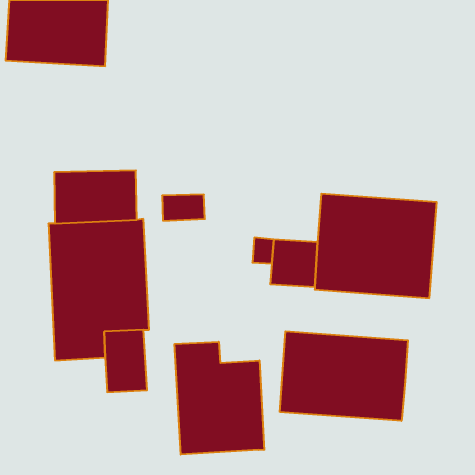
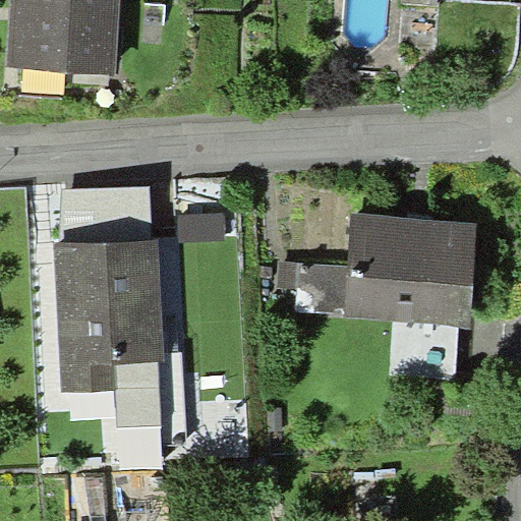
building: [280,331,408,421] -> none
building: [175,342,264,455] -> none

